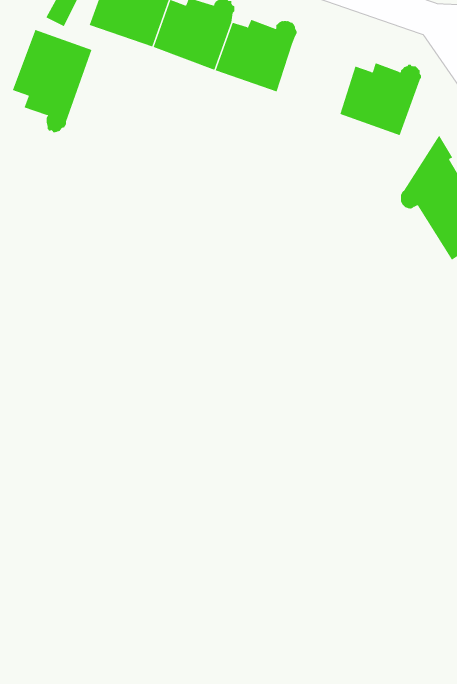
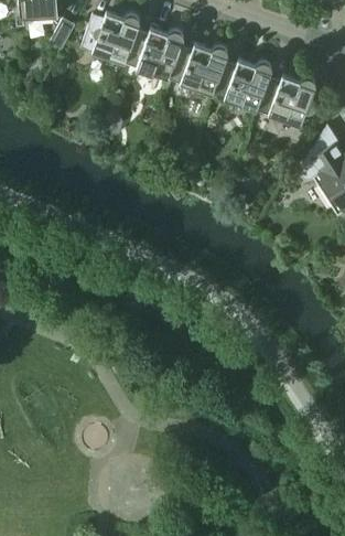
building: [12,29,92,133] -> none
building: none -> [214,60,272,111]

